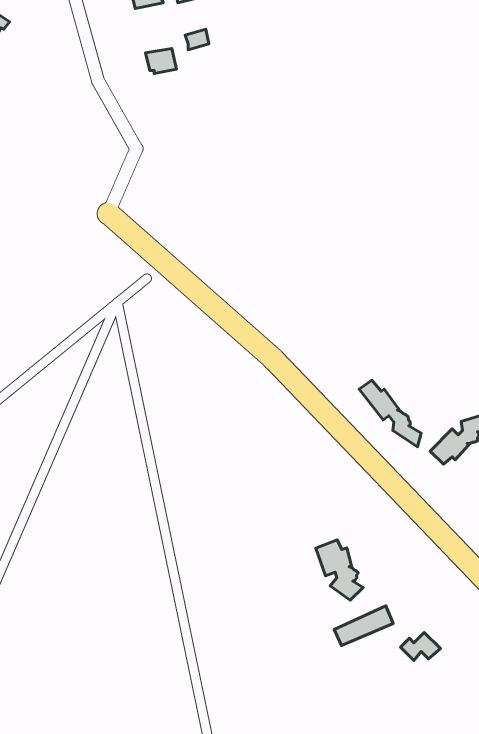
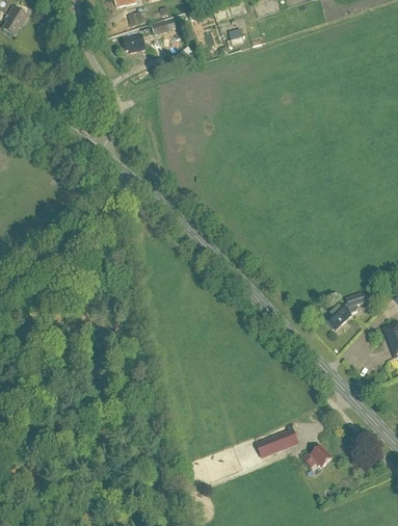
building: [359,380,421,447] -> none
building: [316,540,363,600] -> none

